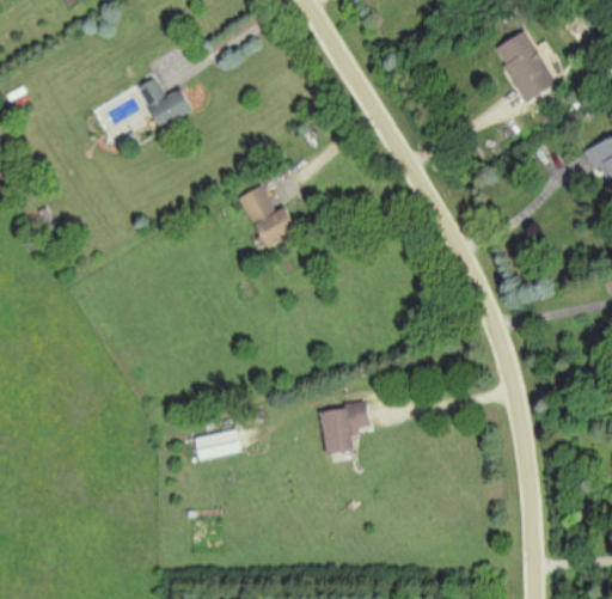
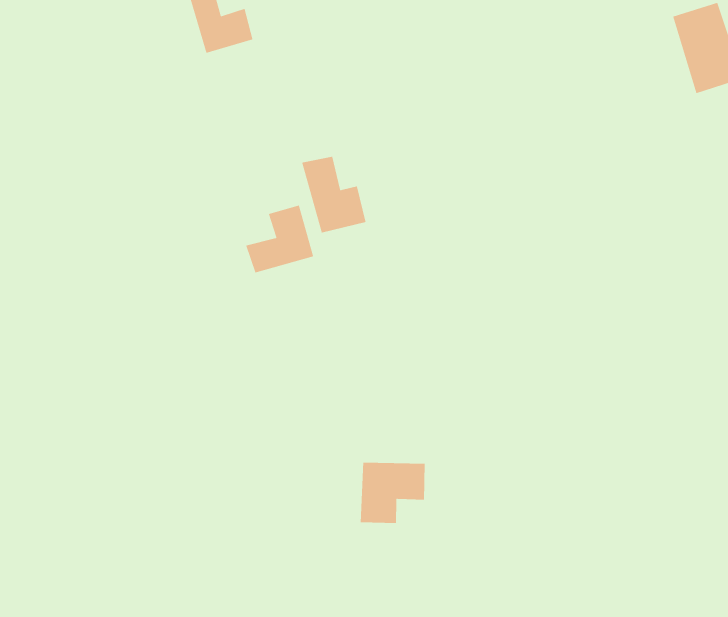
building: none -> [245,204,314,274]
building: [194,432,238,457] -> none

